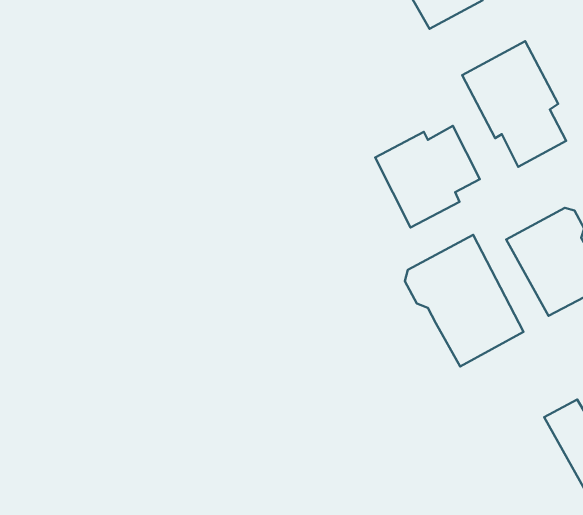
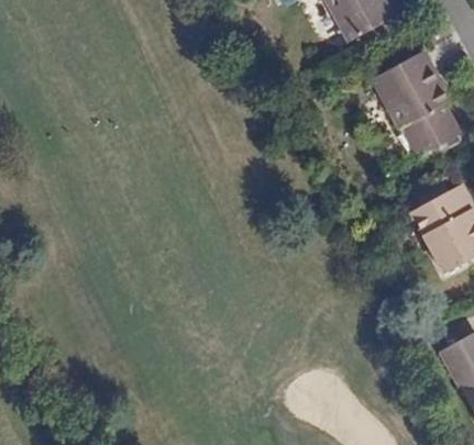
building: [375,126,480,228] -> none
building: [405,235,523,366] -> none

